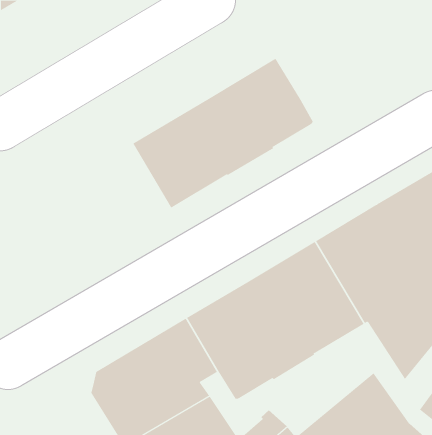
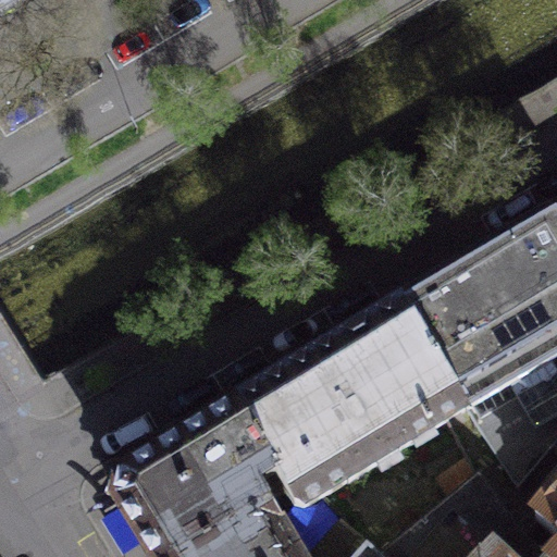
building: [132,58,313,209] -> none

